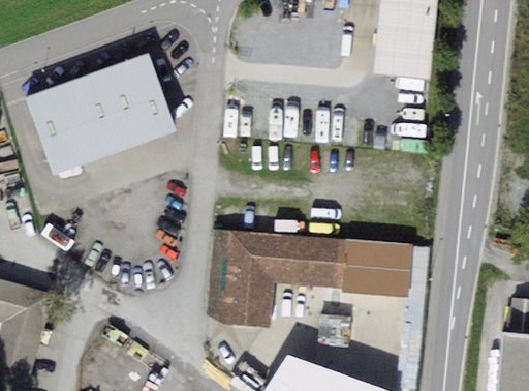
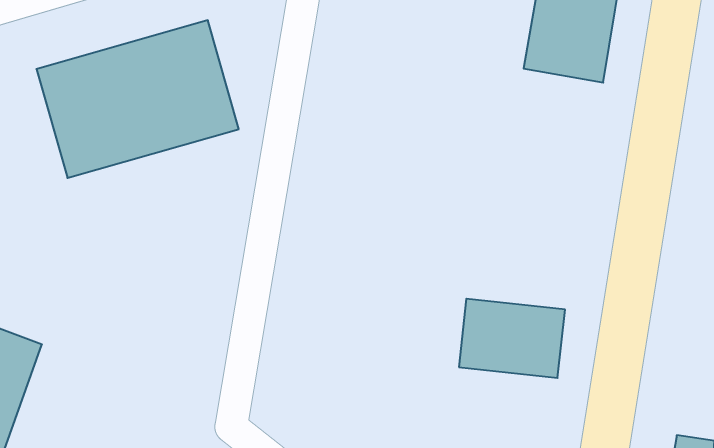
building: [213,233,343,326] -> none

